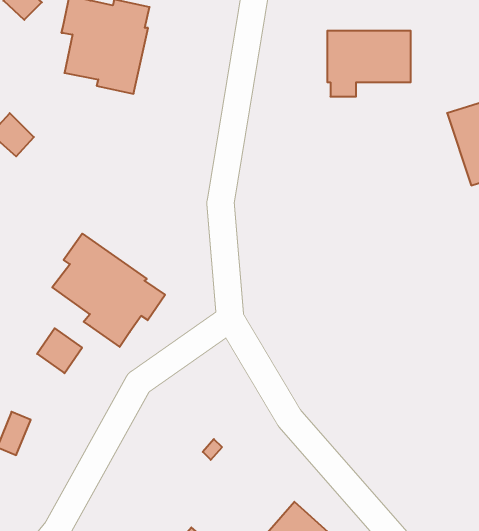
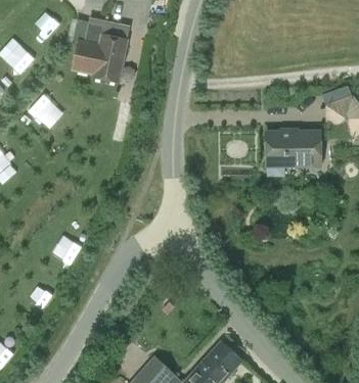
building: [327,31,411,97] -> [266,133,319,175]
building: [52,234,165,347] -> none

